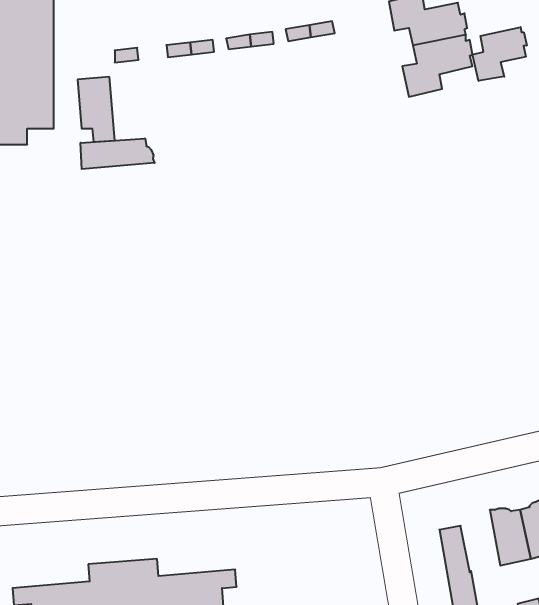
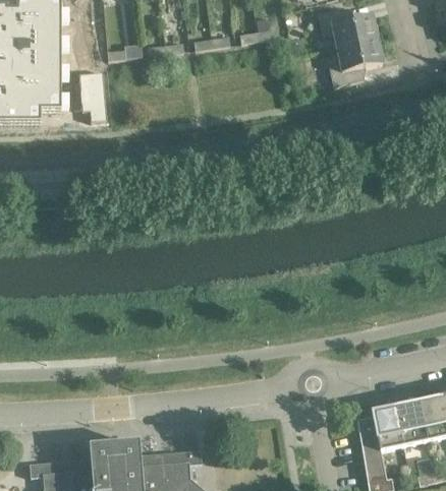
building: [472,27,527,81] -> none
building: [81,138,155,169] -> none
building: none -> [372,405,403,452]

